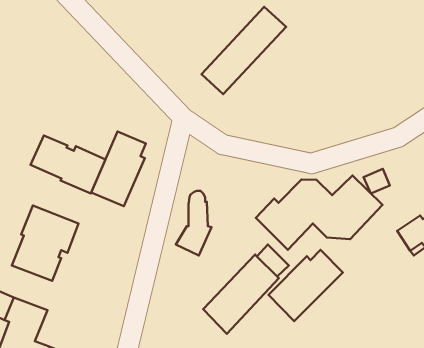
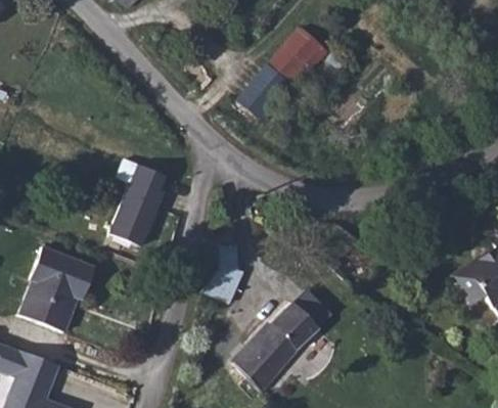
building: [30,135,106,193] -> none
building: [256,175,382,250] -> none
building: [269,250,343,321] -> none

